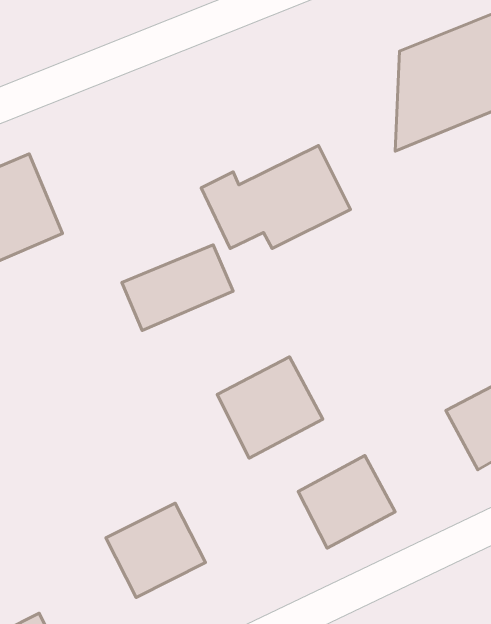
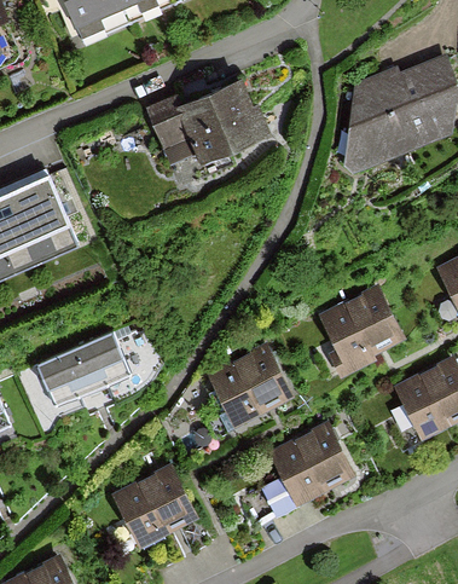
building: [201,146,350,249] -> [151,75,276,161]
building: [122,245,233,330] -> [36,335,129,406]
building: none -> [320,287,400,371]

